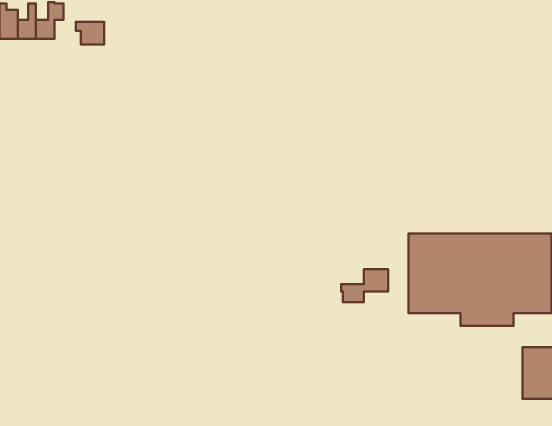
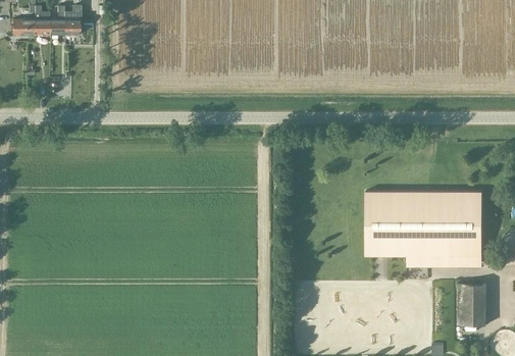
building: [76,22,104,44] -> none
building: [341,269,388,302] -> none

